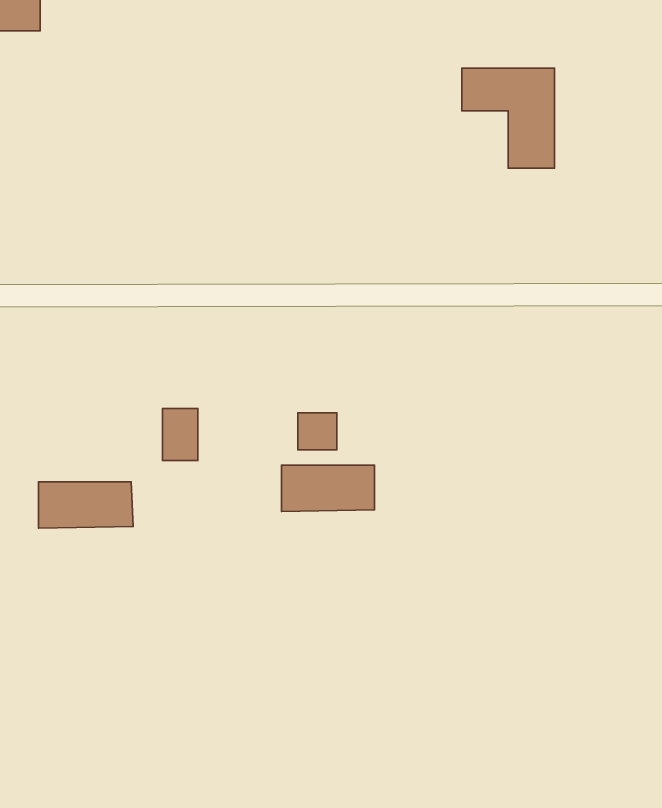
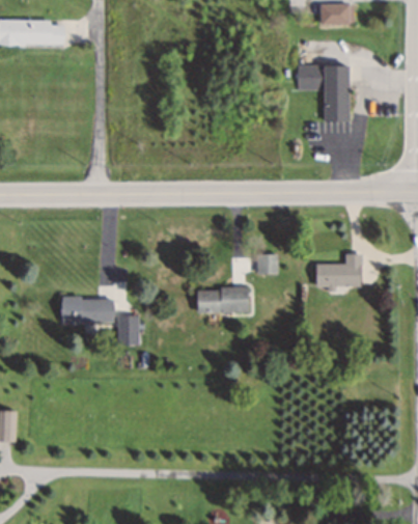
building: none -> [314,253,361,287]
building: [163,409,198,461] -> [118,315,138,344]
building: [298,413,337,450] -> [256,253,278,274]

